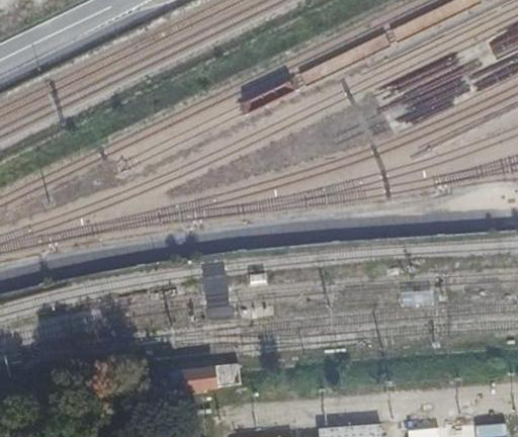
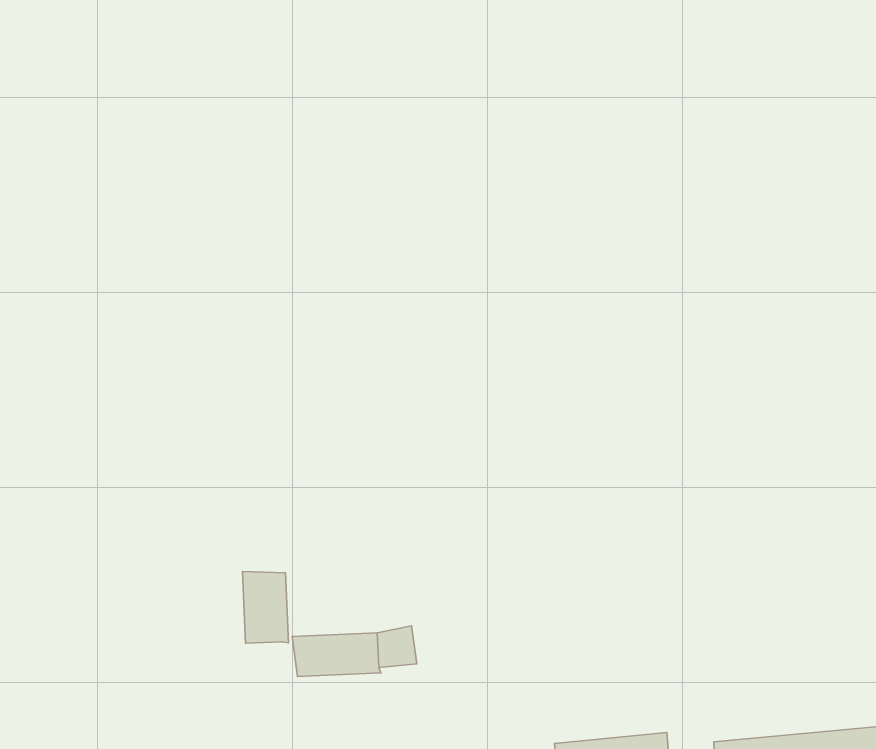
building: none -> [242,572,288,643]

